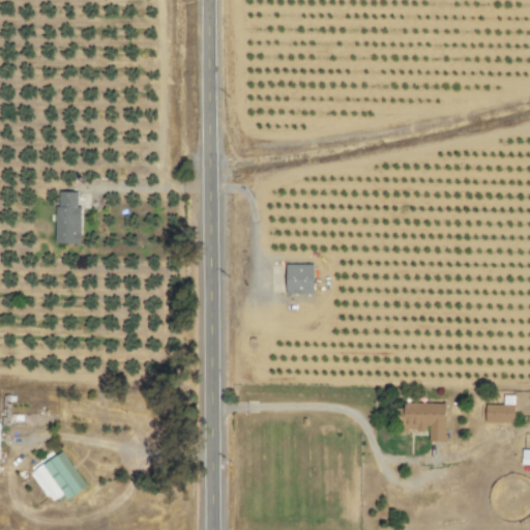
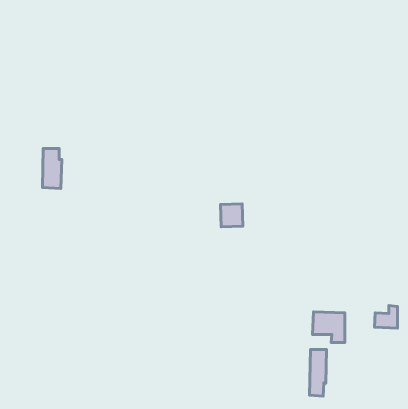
building: none -> [309,349,326,396]
building: [27,451,88,503] -> none

